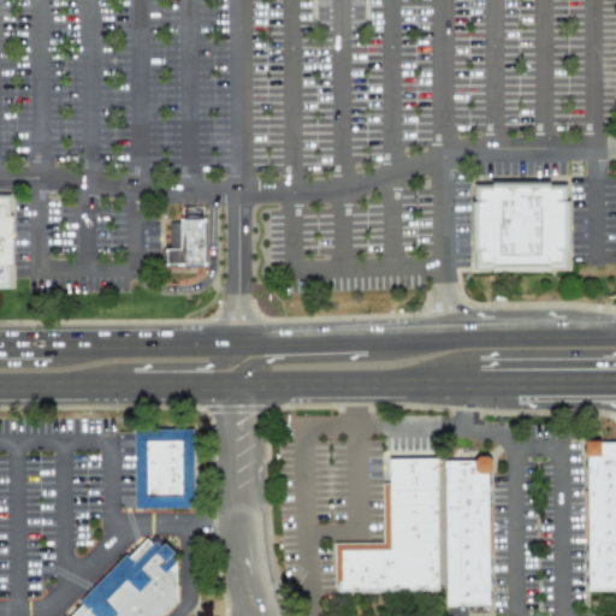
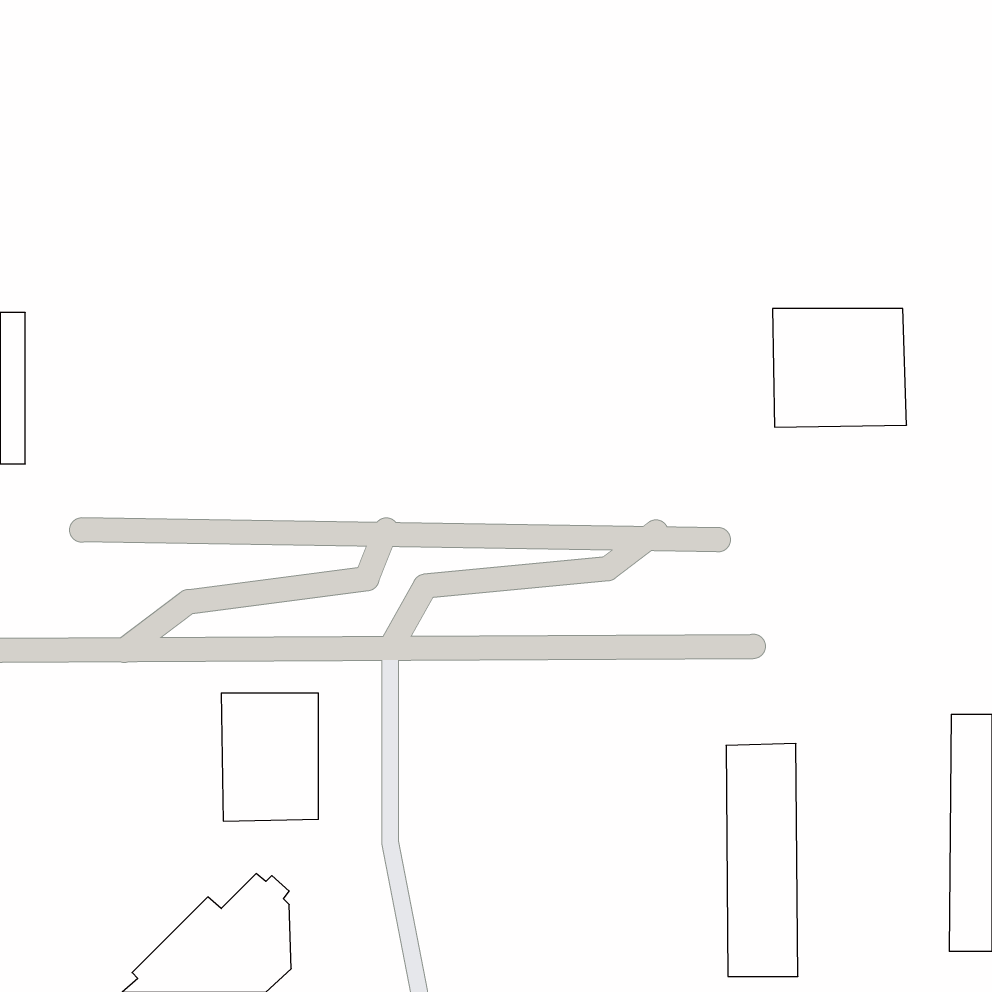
building: [167,217,212,266] -> none
building: [339,458,444,592] -> none

